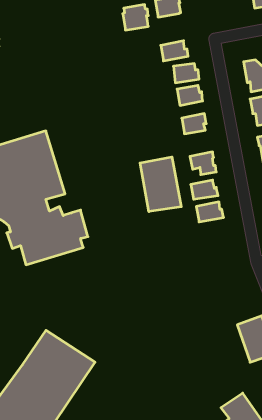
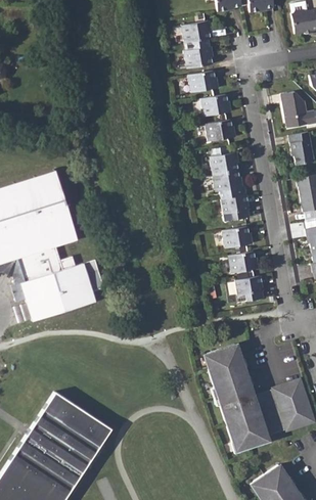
building: [123,5,148,30] -> [183,39,212,67]
building: none -> [214,170,242,191]
building: [140,157,181,212] -> none
building: none -> [233,276,263,302]
building: none -> [208,344,267,450]

